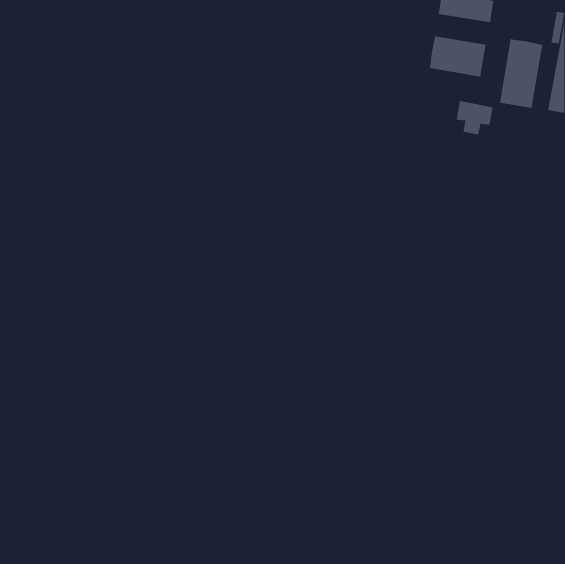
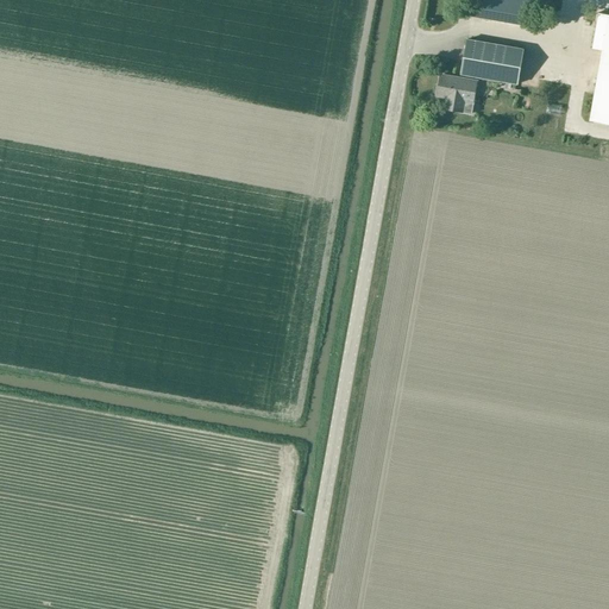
building: [499,39,543,109] -> none
building: [456,100,493,136] -> [437,74,477,112]

